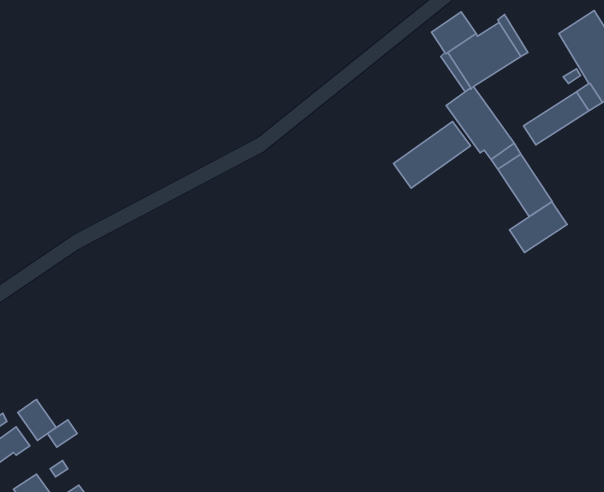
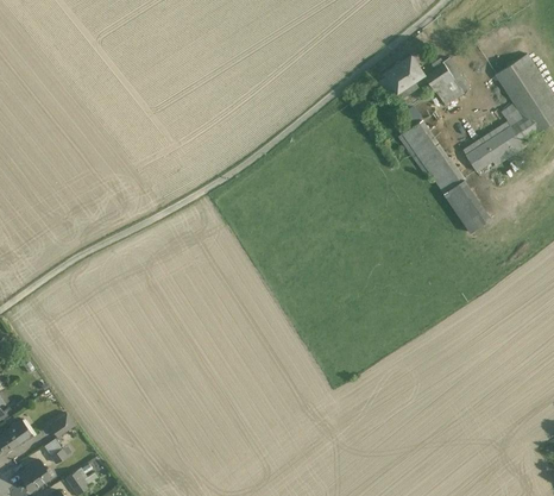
building: [393,121,470,188] -> none
building: [509,202,567,252] -> none
building: [18,400,56,440] -> none

